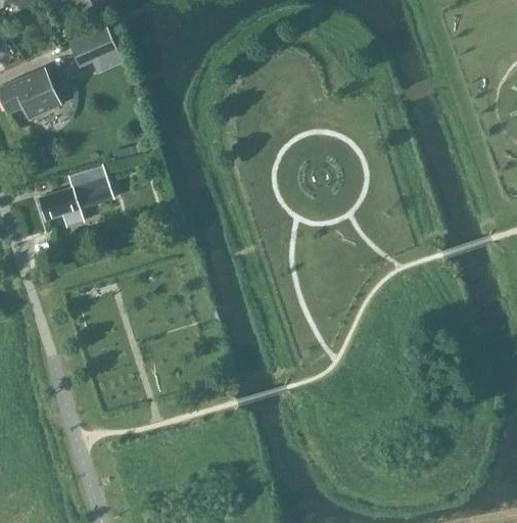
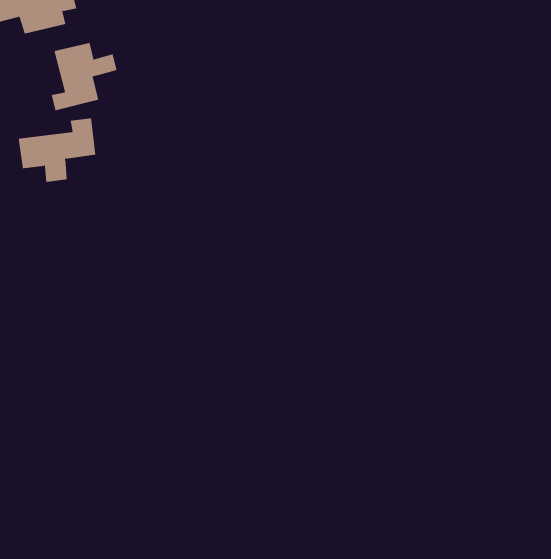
building: none -> [51,42,117,111]

